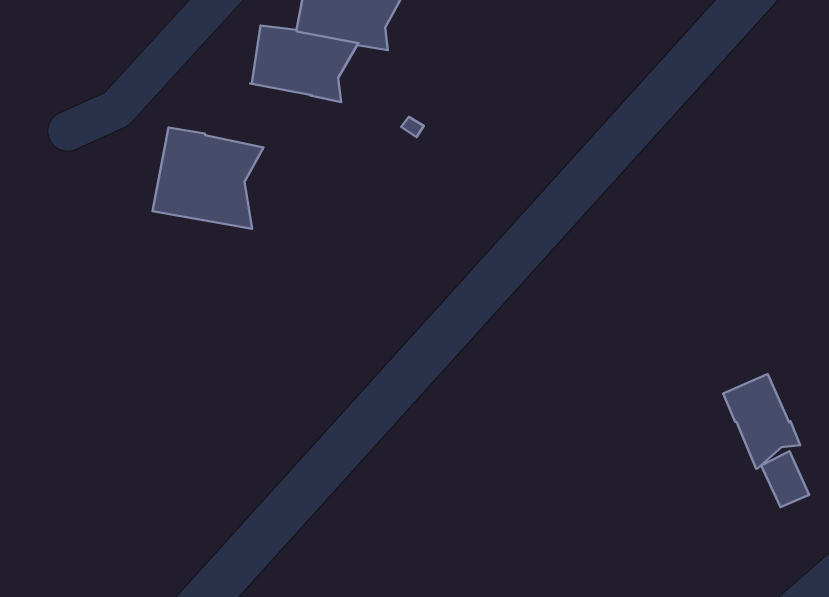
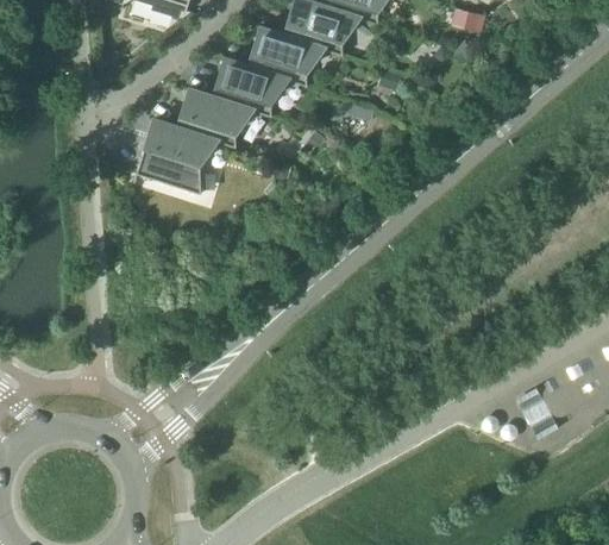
building: none -> [178,88,253,148]
building: [723,374,800,469] -> none

